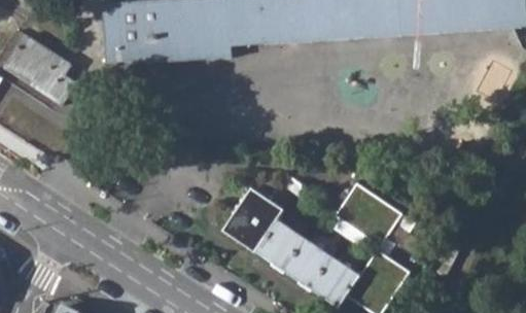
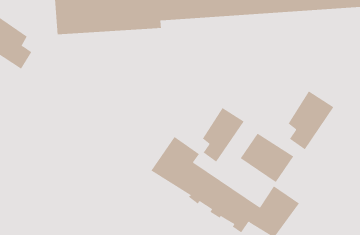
building: none -> [288,91,334,150]
building: none -> [202,107,244,163]

